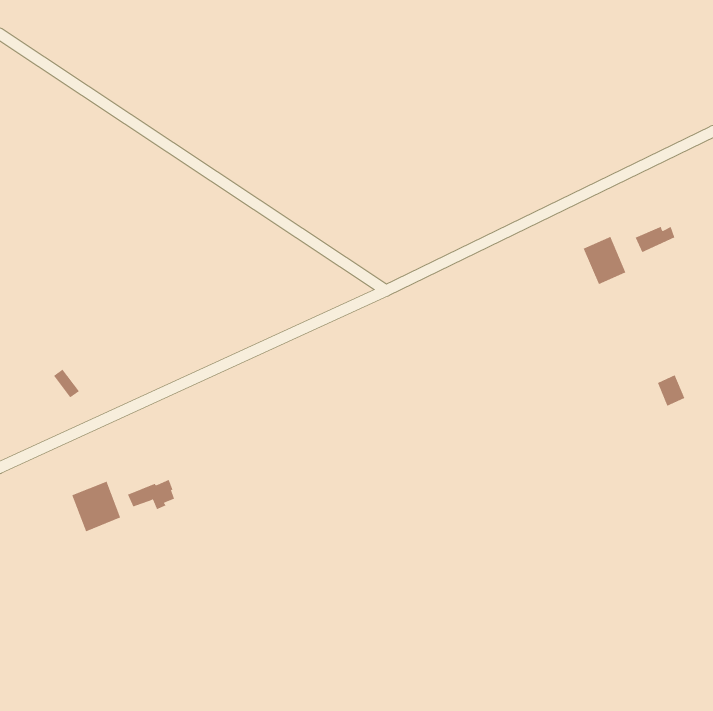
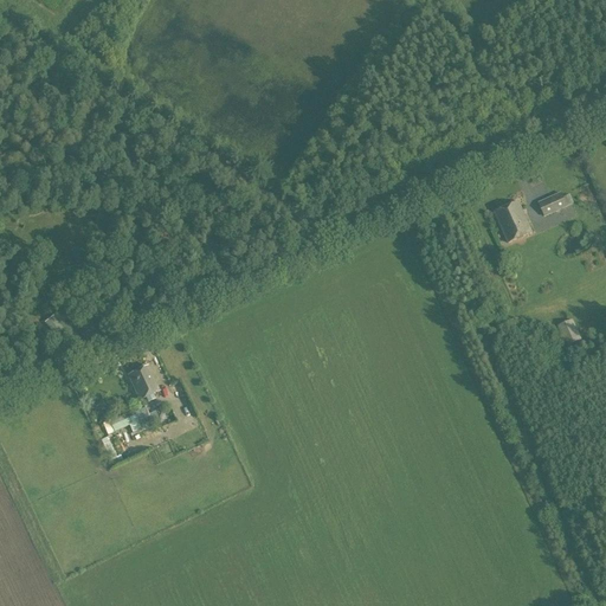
building: none -> [128,363,159,400]
building: [72,481,121,532] -> none

